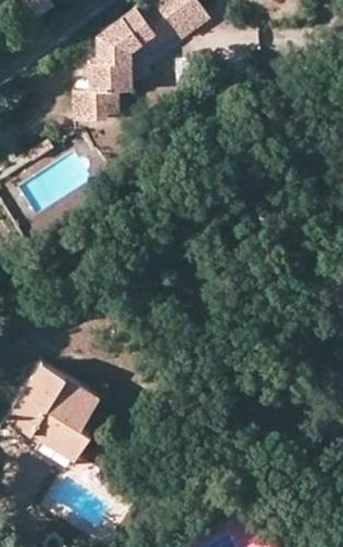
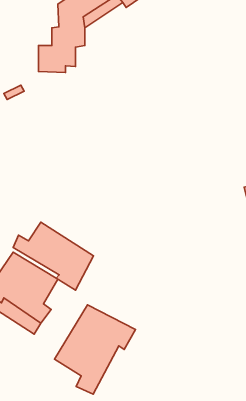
building: none -> [13,222,93,290]
building: none -> [55,305,136,394]

